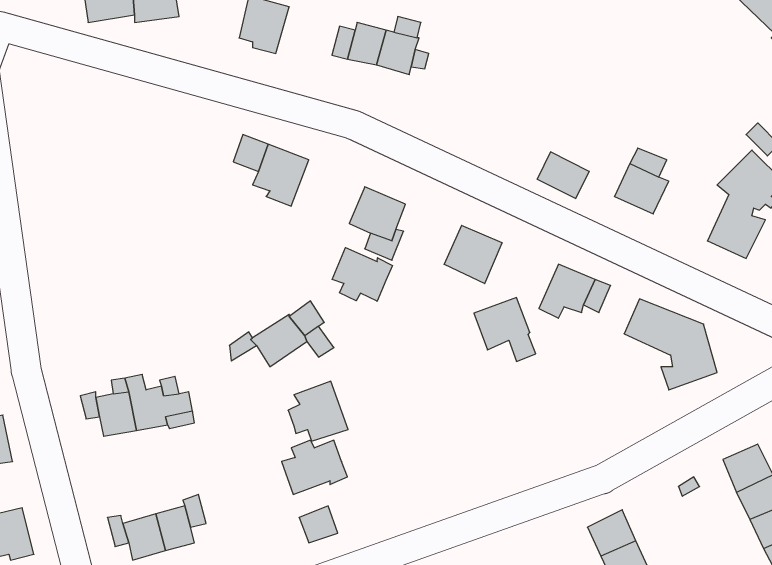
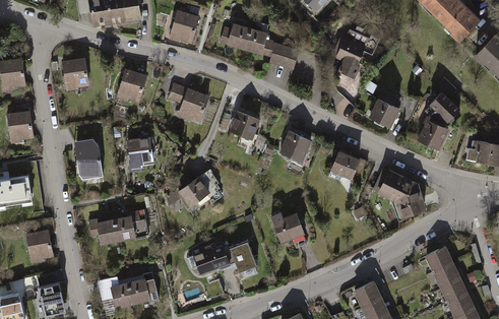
building: none -> [334,24,378,79]
building: none -> [271,46,297,68]
building: none -> [63,60,87,86]
building: none -> [119,71,145,101]
building: none -> [127,138,152,165]
building: [332,248,393,301] -> none
building: none -> [75,145,101,173]
building: [474,298,536,361] -> [273,214,306,248]
building: [288,381,348,441] -> [226,241,257,272]

